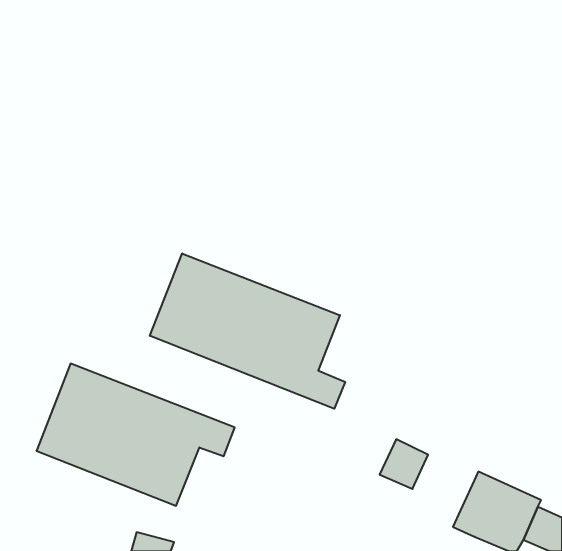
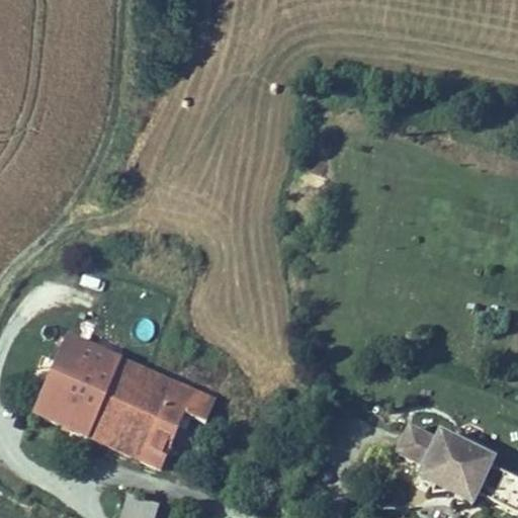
building: [150,253,345,409] -> none
building: [380,439,428,489] -> [393,423,437,468]

